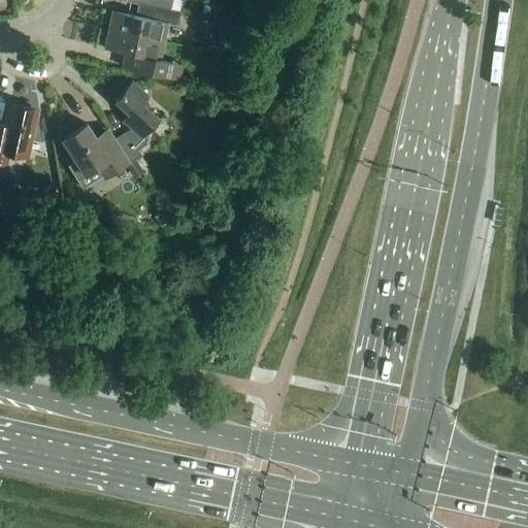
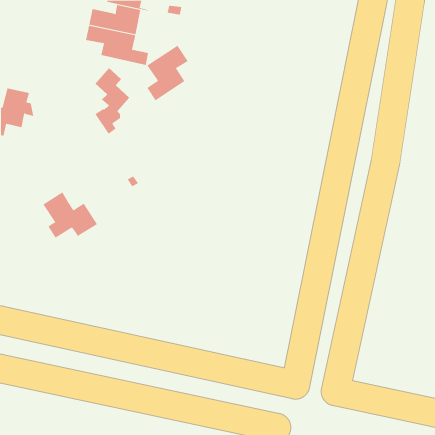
building: none -> [147,45,189,101]
building: [62,124,129,180] -> [42,192,98,238]

